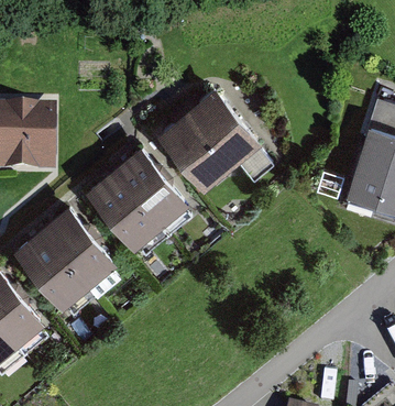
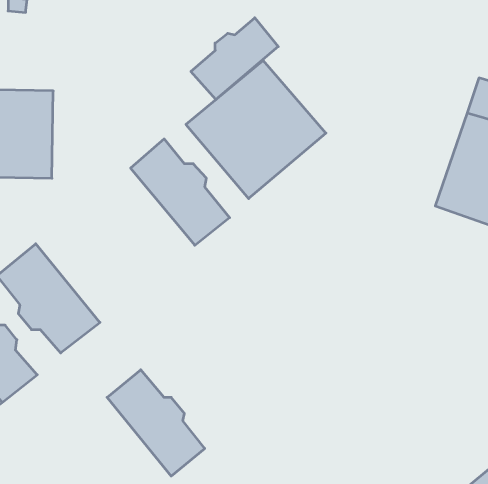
building: none -> [191,18,278,100]
building: [84,165,161,246] -> none
building: [41,201,114,282] -> [107,370,205,476]

